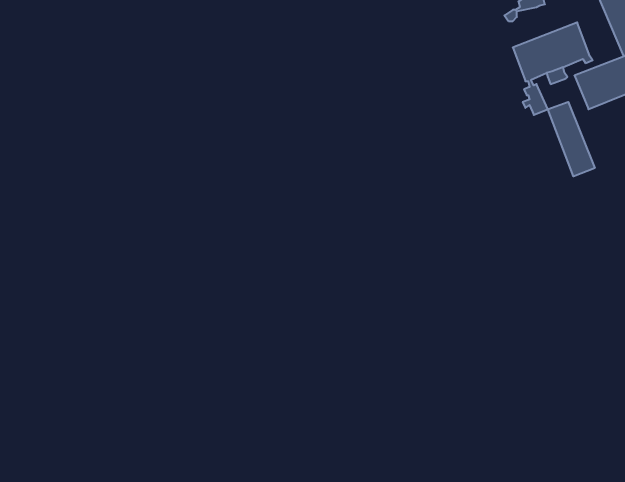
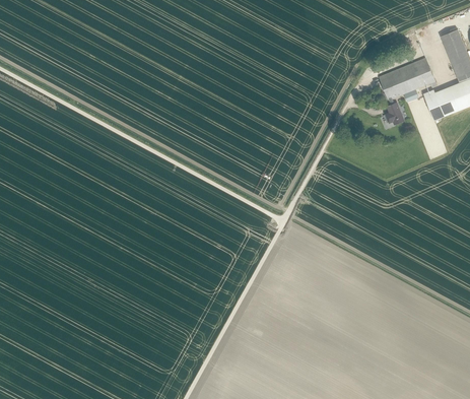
building: [548,102,595,176] -> none

